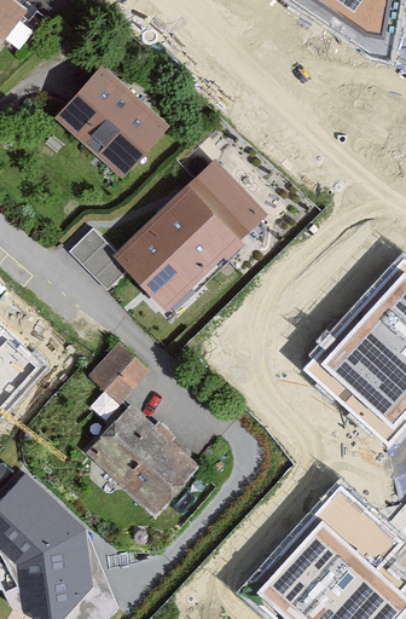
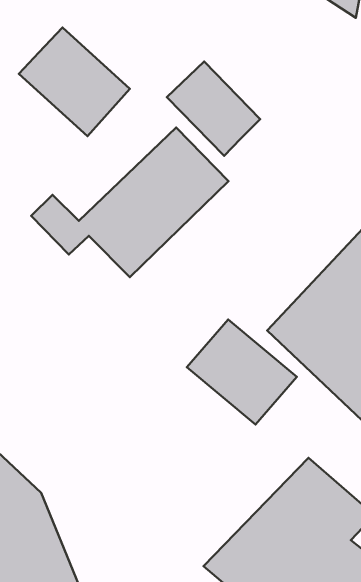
building: none -> [167,62,260,156]
building: [86,337,151,403] -> none
building: [93,399,199,501] -> [187,320,297,424]

